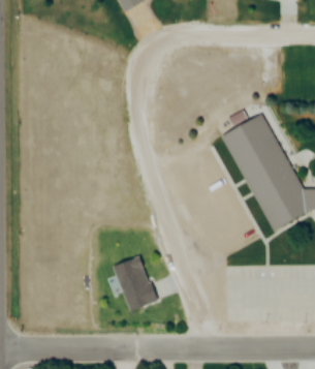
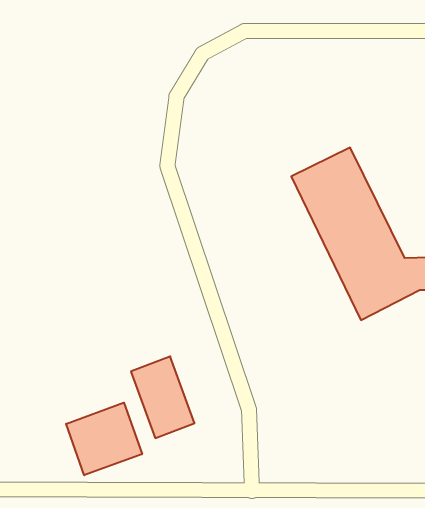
building: none -> [66,403,142,475]

